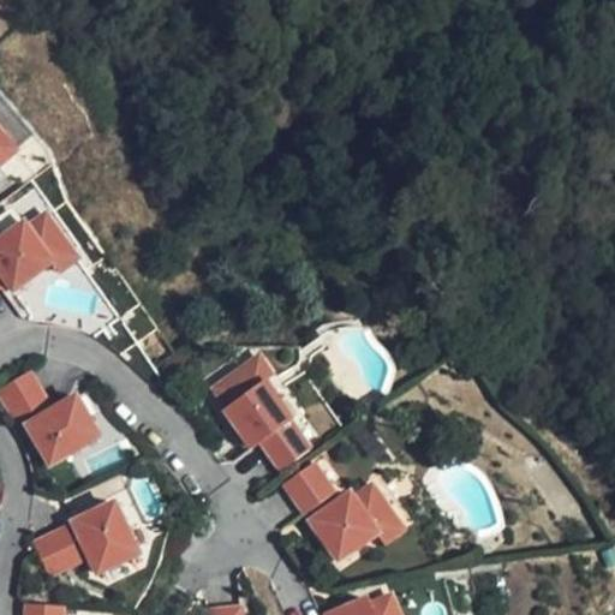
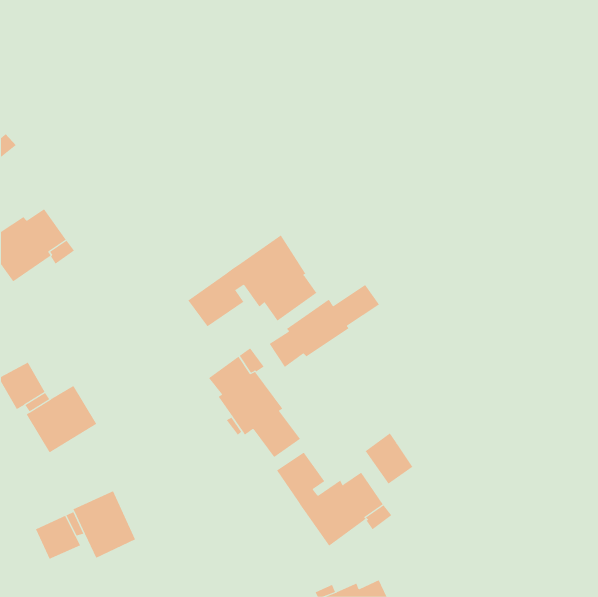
building: none -> [188,235,317,327]
building: none -> [269,284,380,368]
building: none -> [365,433,413,484]

